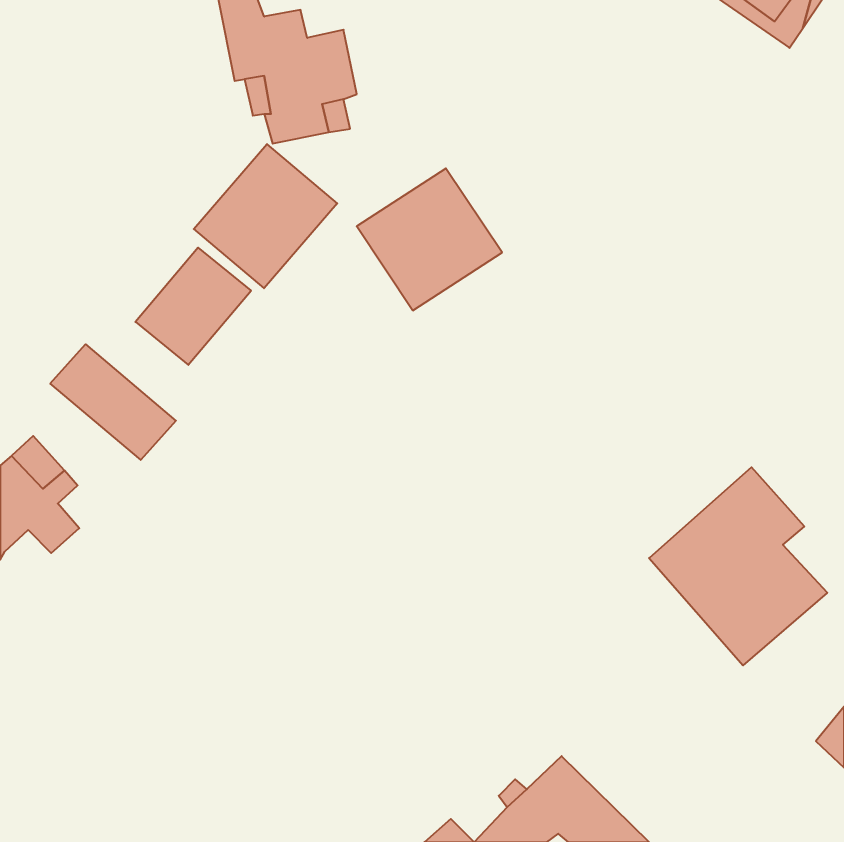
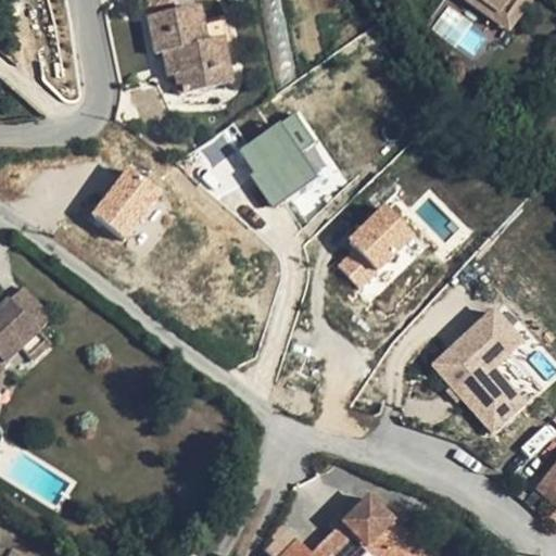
building: [194,144,337,288] -> none
building: none -> [336,199,417,289]
building: [50,344,176,460] -> none

